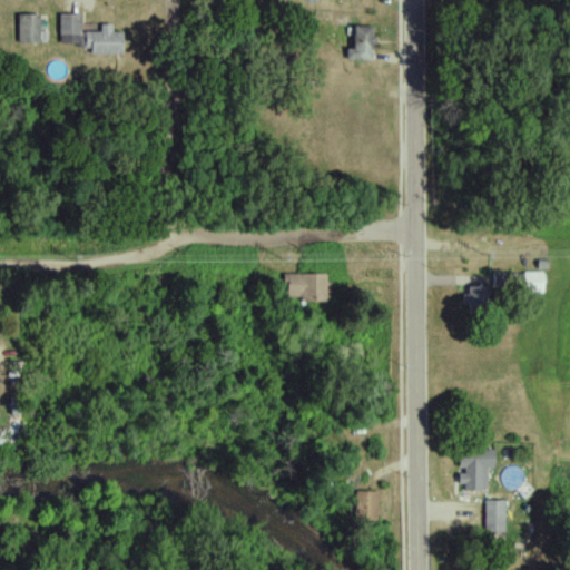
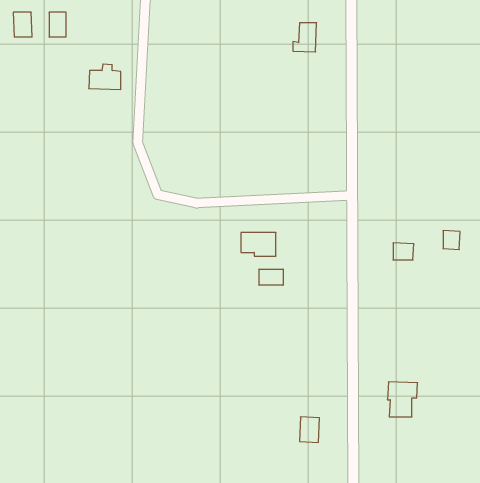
building: [85,24,122,55] -> [89,64,121,90]
building: none -> [259,269,283,285]
building: [485,500,507,533] -> none

